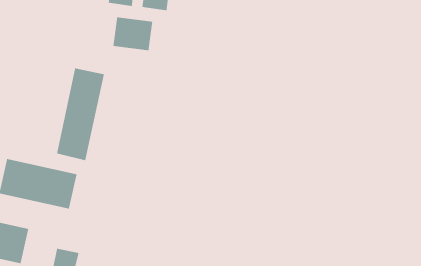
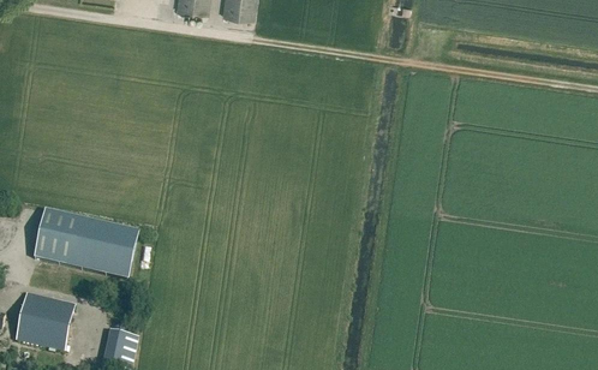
building: [113,16,153,51] -> none
building: [56,67,105,161] -> none

